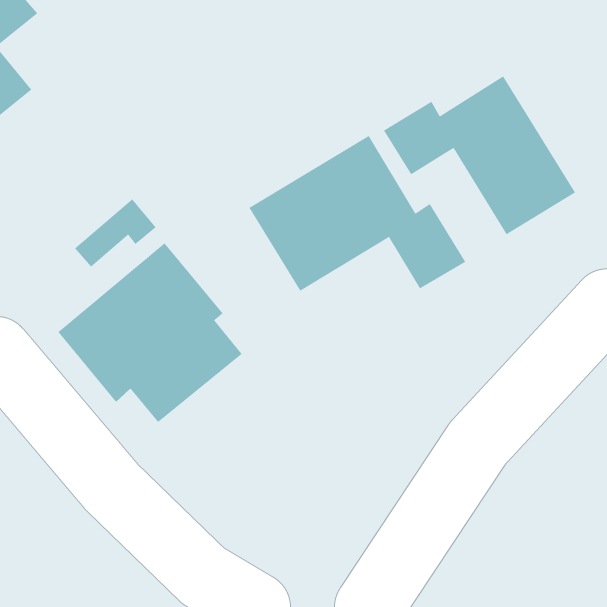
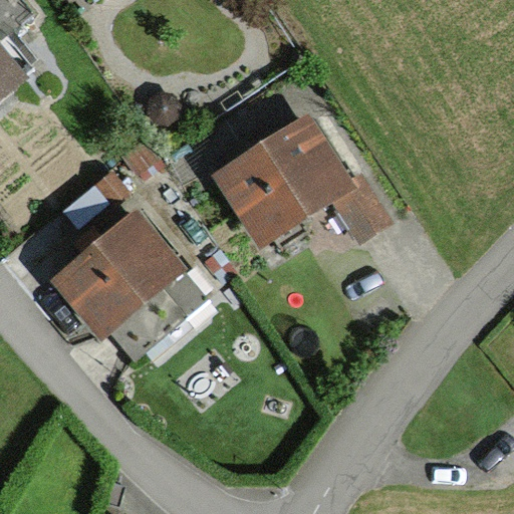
building: [383,76,576,235] -> none

